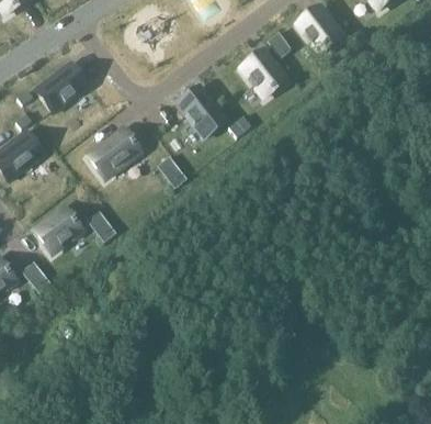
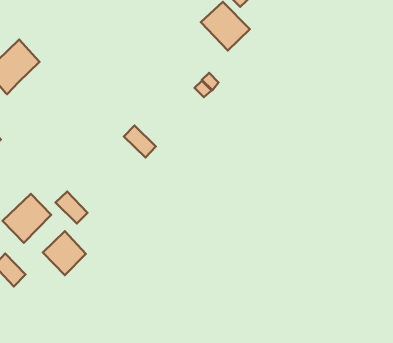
building: [178,87,226,138] -> none
building: [88,130,139,179] -> none
building: none -> [43,231,86,275]

